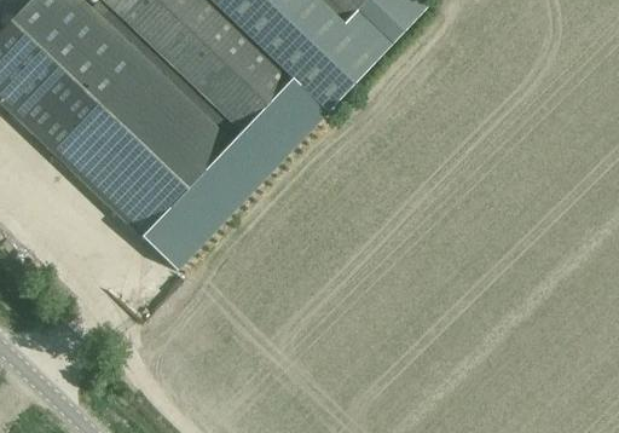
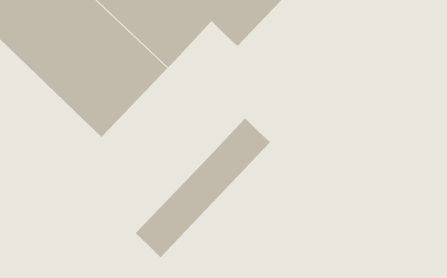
building: [141,76,326,267] -> [135,117,271,258]

